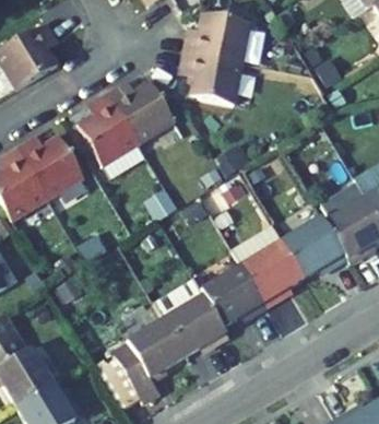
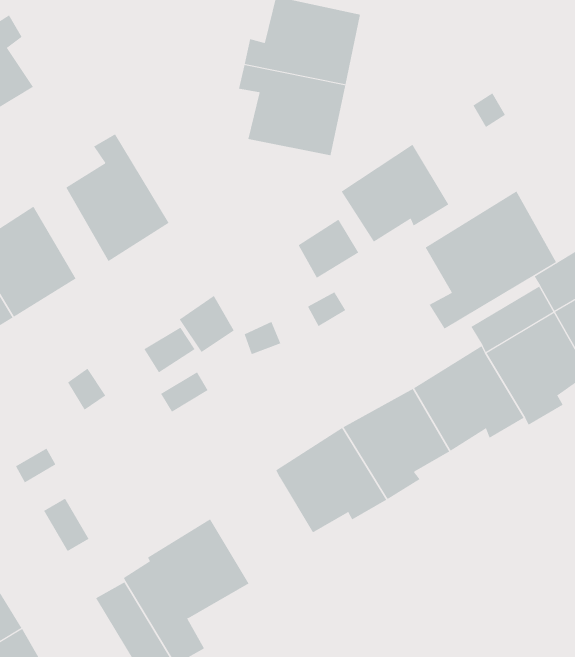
building: [107,80,175,144] -> none
building: none -> [341,144,449,243]
building: none -> [425,190,557,330]
building: [153,278,228,356] -> none

